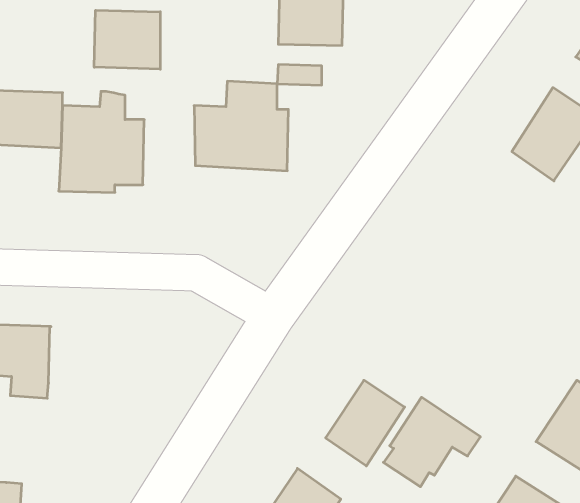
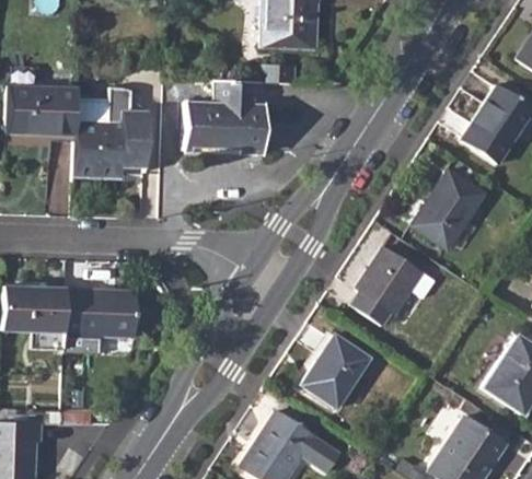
building: [94,10,160,69] -> none
building: none -> [412,171,483,249]
building: none -> [63,289,136,340]
building: [383,397,480,487] -> [351,247,435,324]

